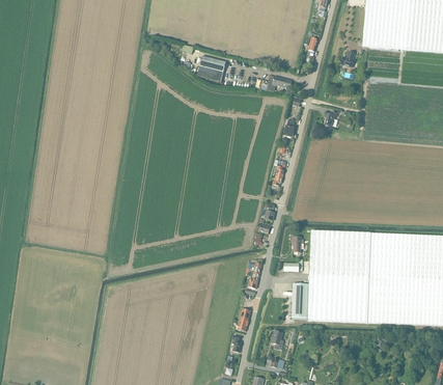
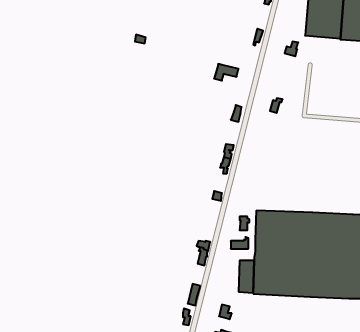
building: [196,55,226,81] -> none

